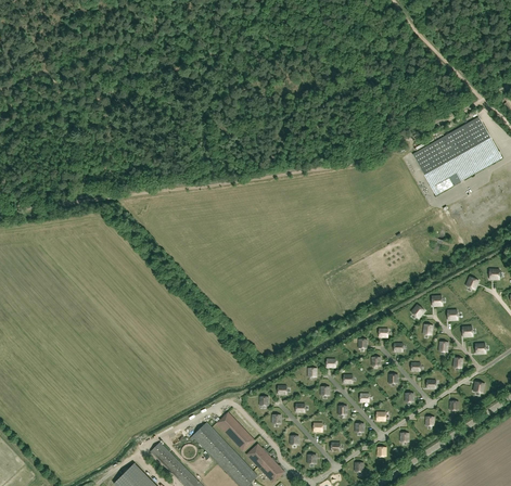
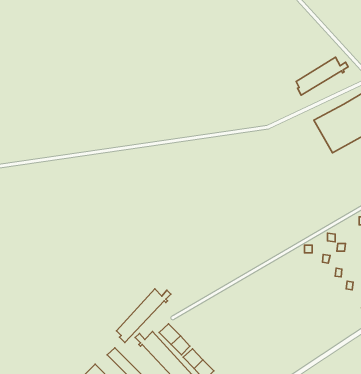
building: none -> [296,57,348,95]
building: none -> [116,289,171,343]

